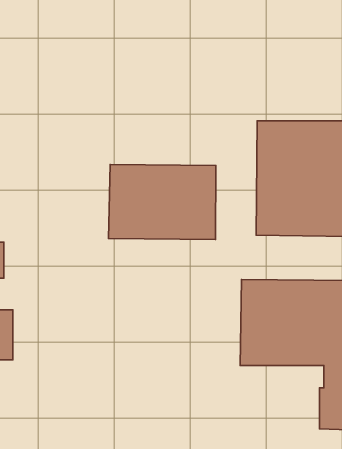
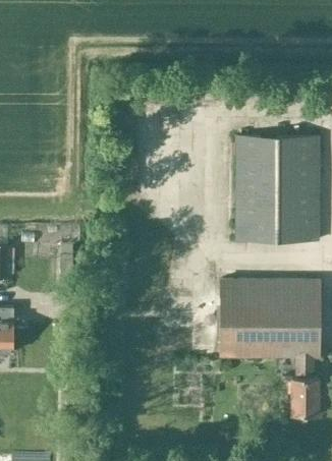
building: [108,164,216,240] -> none

